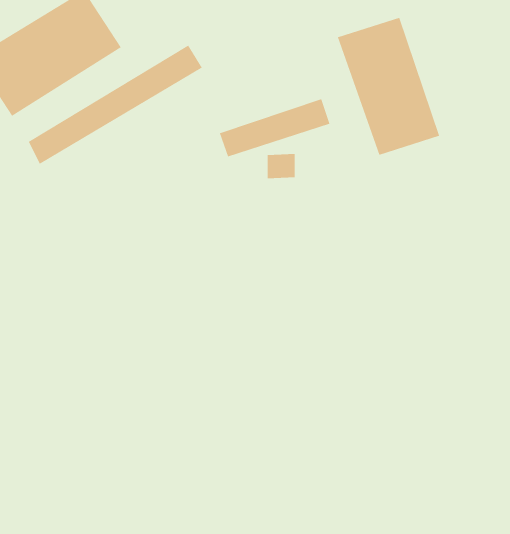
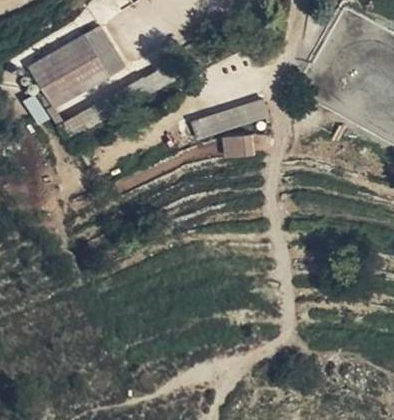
building: [337,17,440,156] -> none

